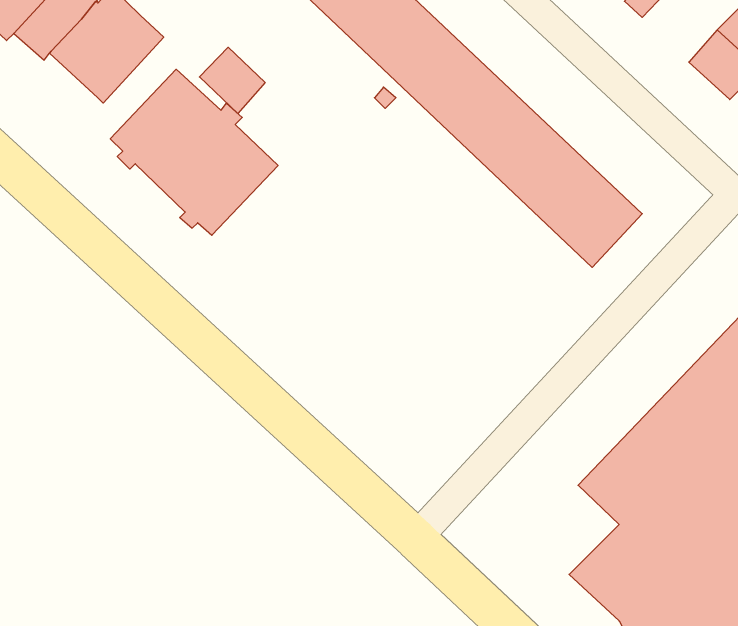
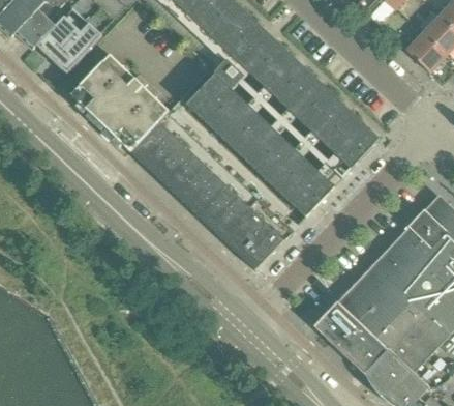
building: [199,47,265,114] -> none
building: none -> [186,74,334,216]
building: none -> [129,110,293,269]
building: none -> [313,295,365,347]

